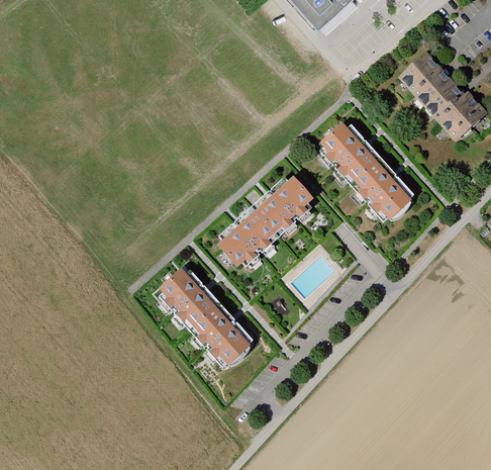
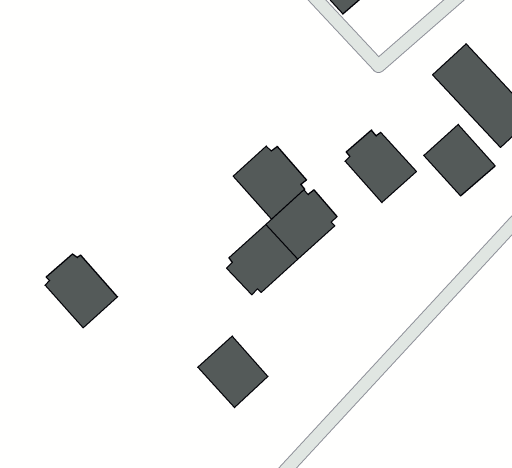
building: none -> [233,146,306,219]
building: [354,162,416,224] -> [424,124,495,196]
building: [159,269,222,334] -> [45,254,118,328]

